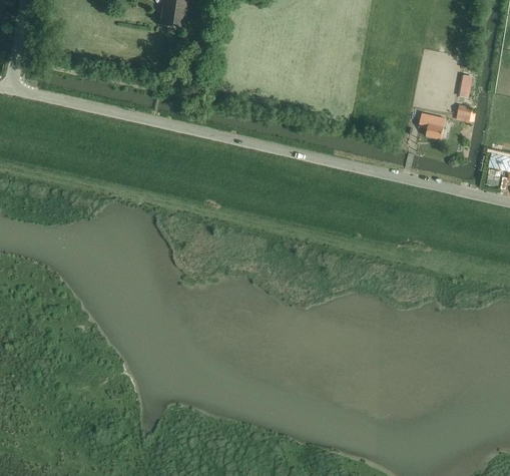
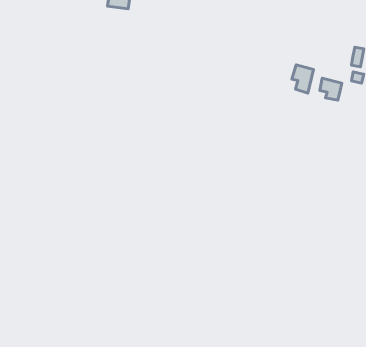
building: none -> [292,65,314,93]

